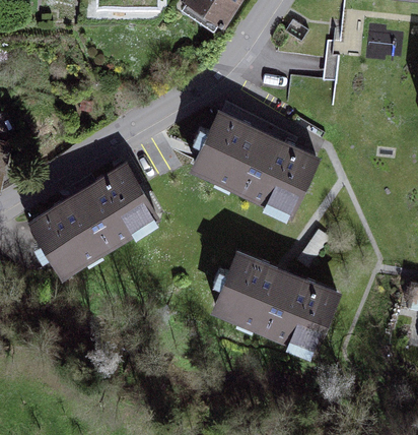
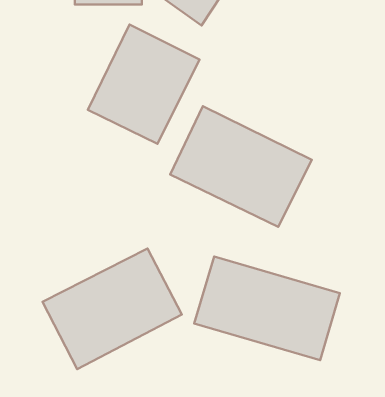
building: none -> [88,25,199,144]
building: [25,167,160,284] -> [43,248,182,369]

